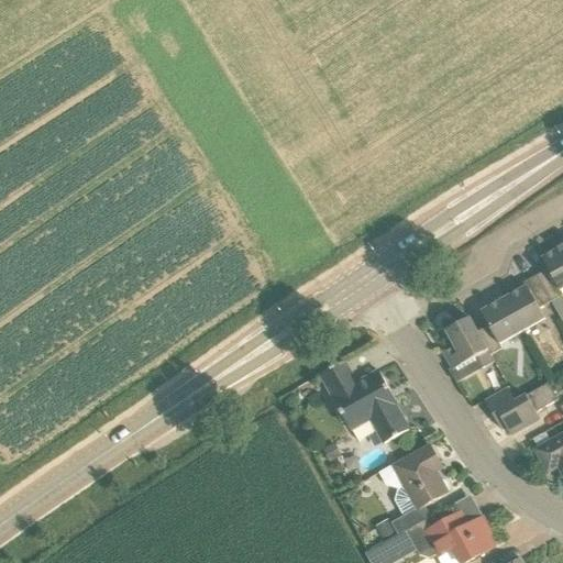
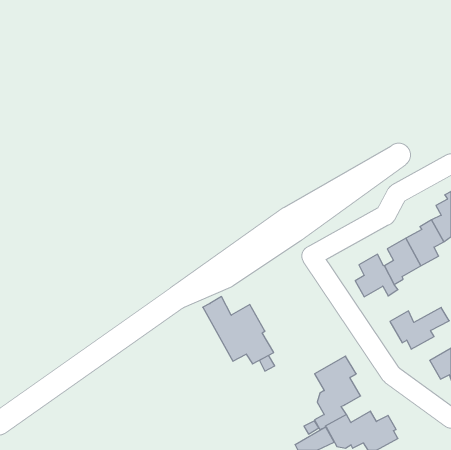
building: [320,358,408,442] -> [203,297,274,364]

